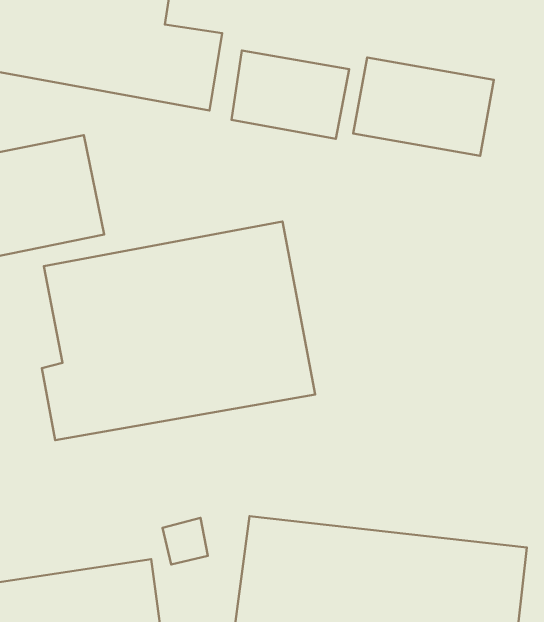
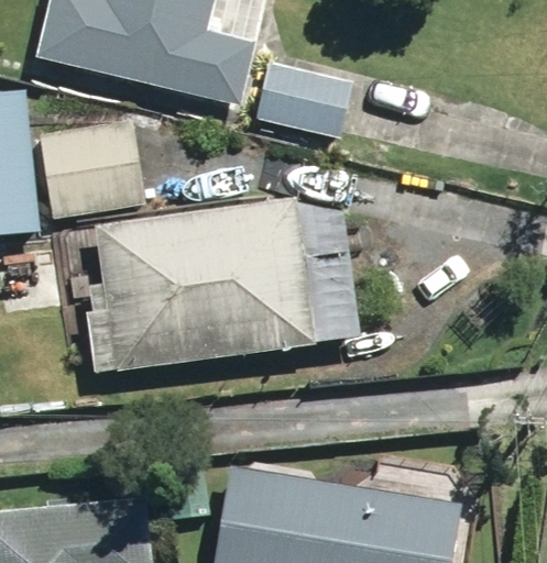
building: [353,57,494,156] -> none

